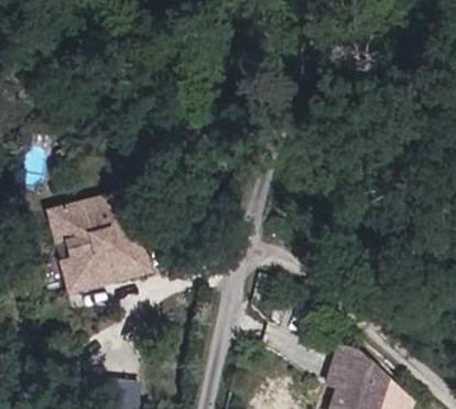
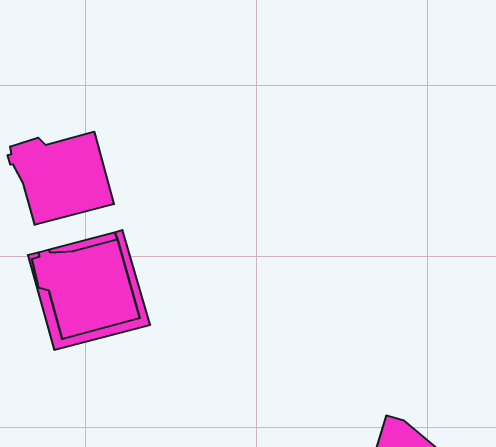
building: none -> [8,132,114,225]

